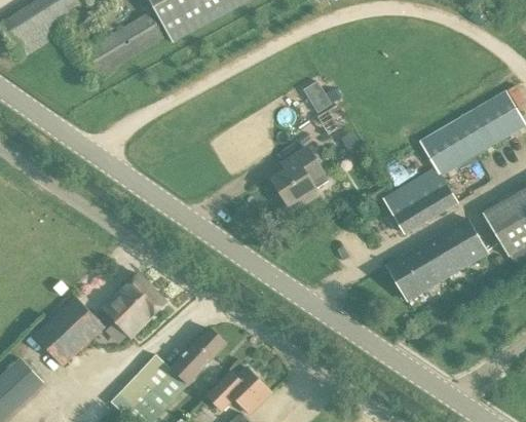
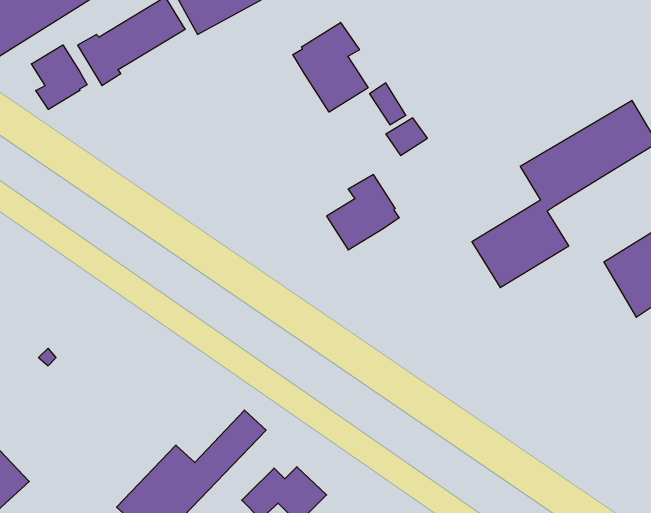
building: none -> [293,22,368,112]
building: none -> [31,45,87,109]
building: [386,218,486,299] -> none
building: [102,273,165,337] -> none
building: [33,297,103,367] -> none

